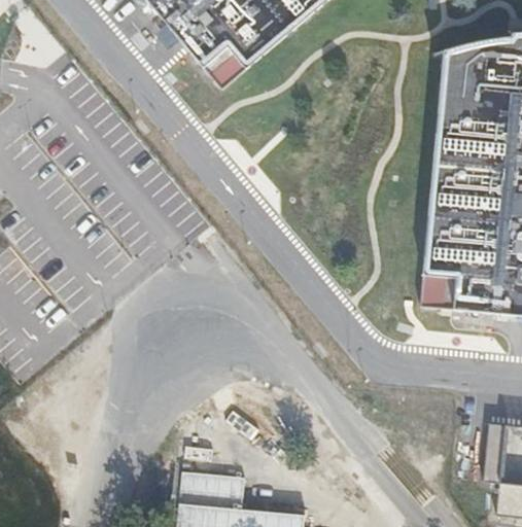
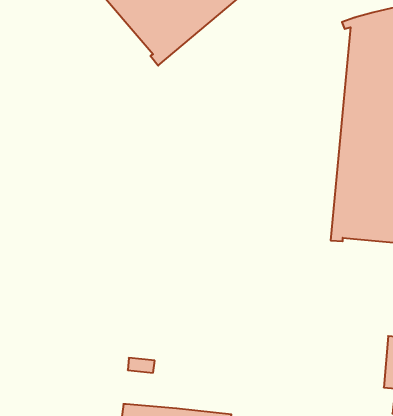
building: [185,470,248,505] -> none

